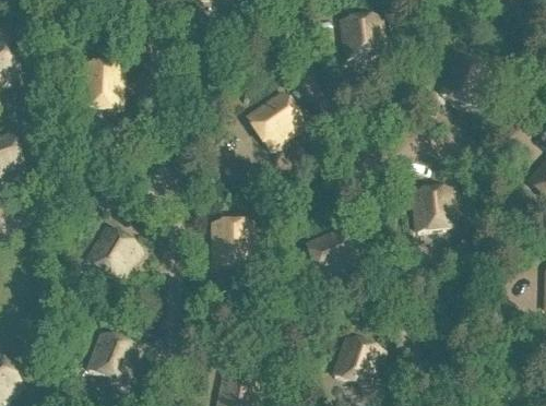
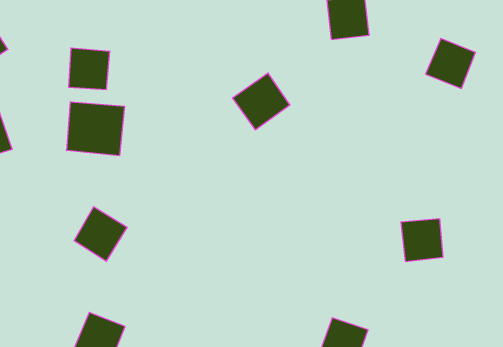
building: none -> [67,102,124,156]
building: [411,187,453,229] -> [401,219,443,261]
building: [211,219,251,264] -> none
building: [304,228,354,278] -> none

